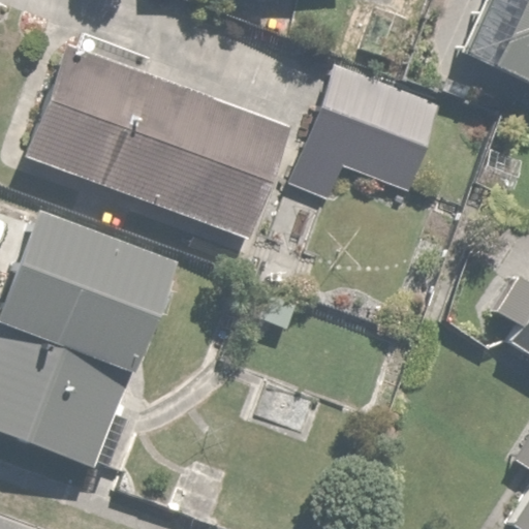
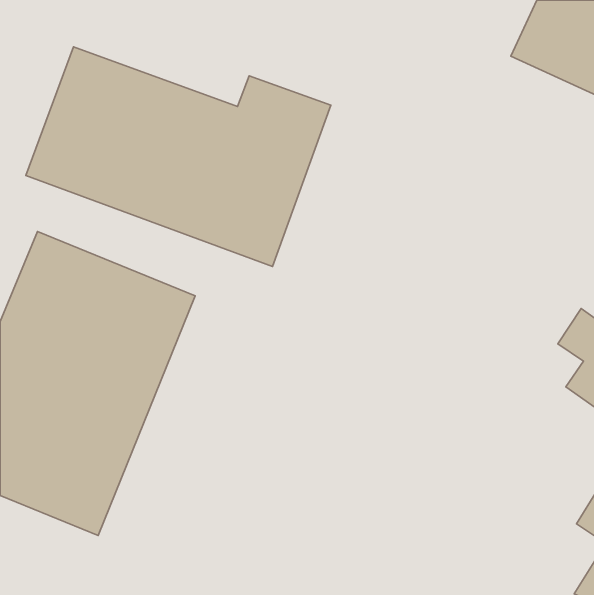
building: [289,64,449,203] -> none

